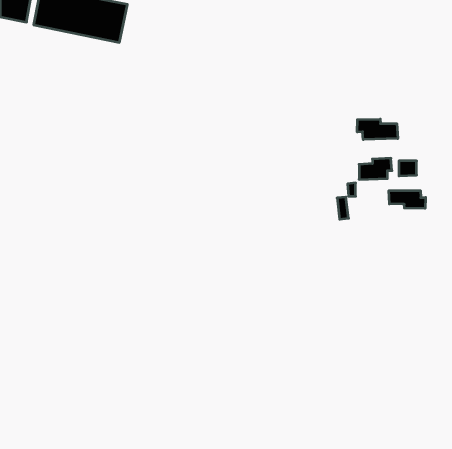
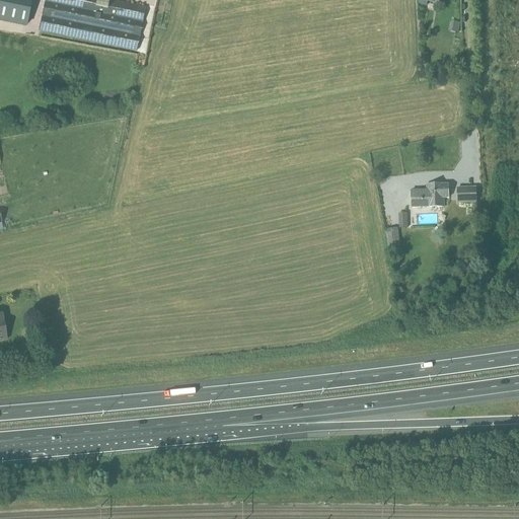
building: [357,119,398,140] -> none
building: [389,191,426,208] -> none

